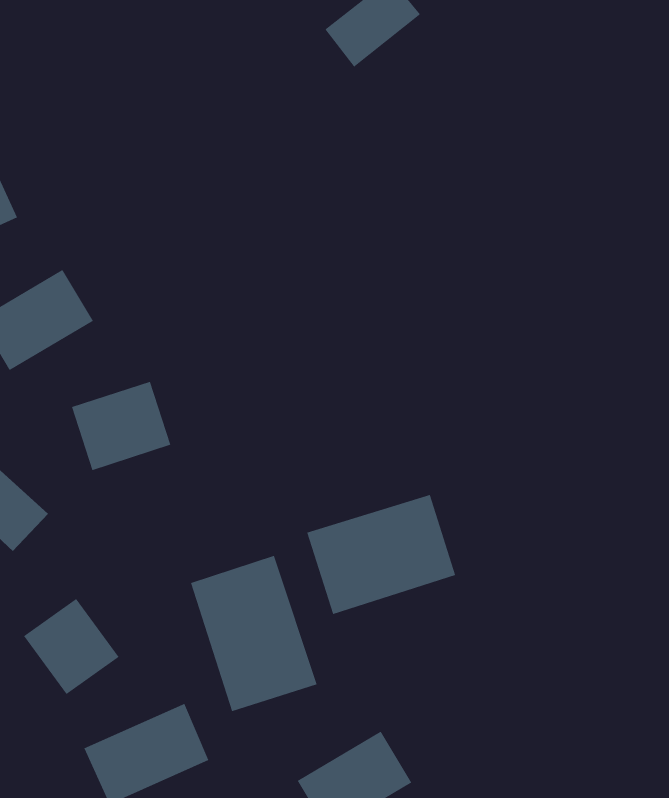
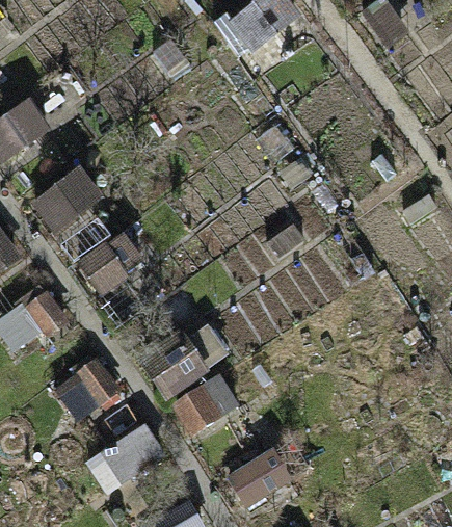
building: [306,494,456,615] -> none

